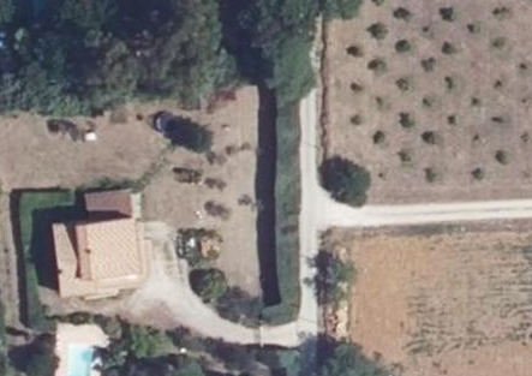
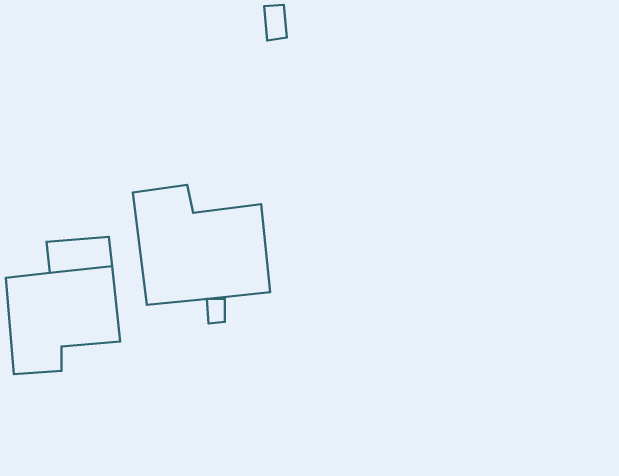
building: none -> [133,185,270,305]

